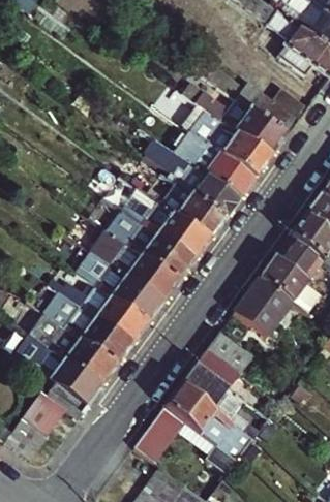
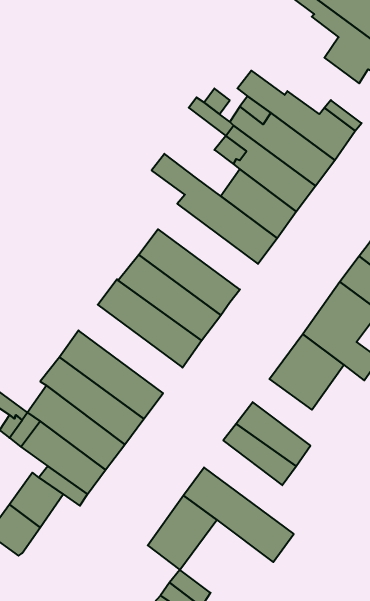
building: [141,174,221,243] -> none
building: [77,255,160,326] -> none
building: [178,365,266,440] -> none

